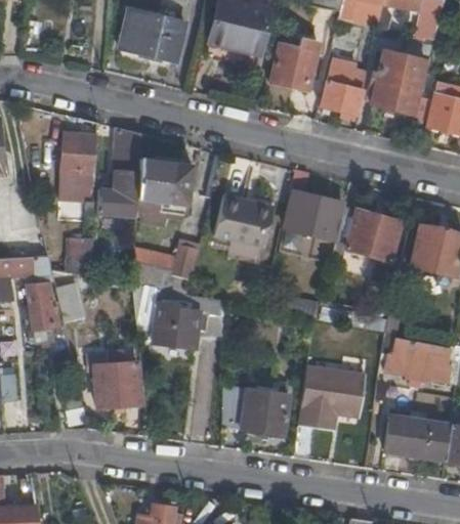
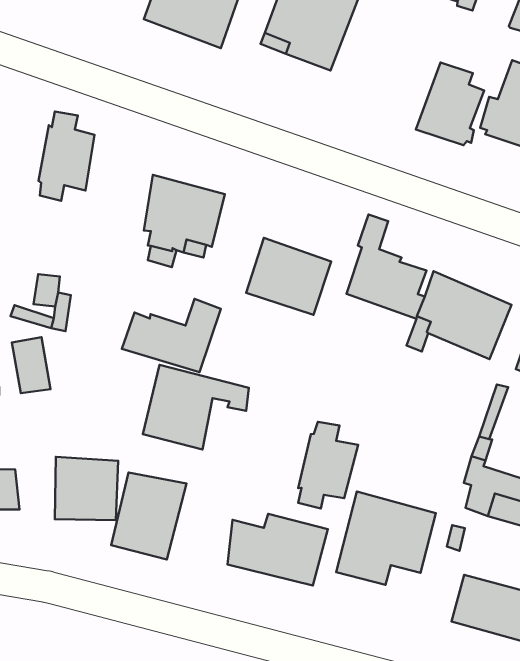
building: [270,39,318,90] -> none
building: [96,128,140,212] -> none
building: none -> [298,422,358,509]
building: none -> [111,472,186,560]

